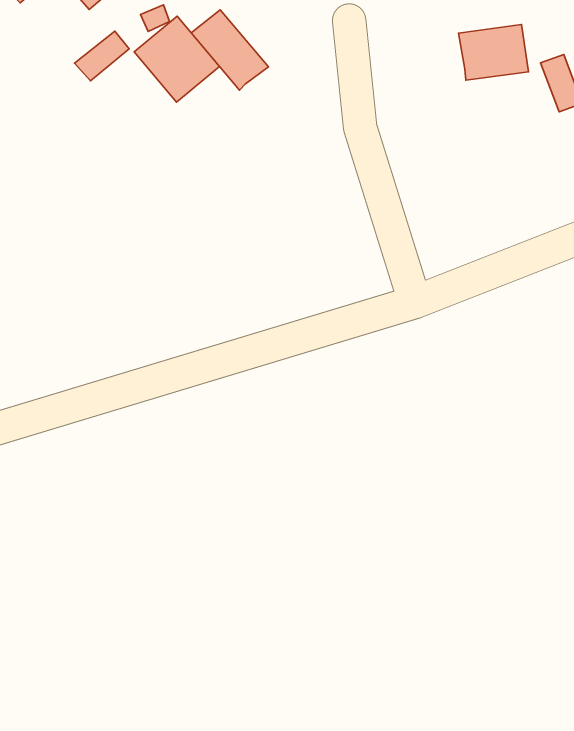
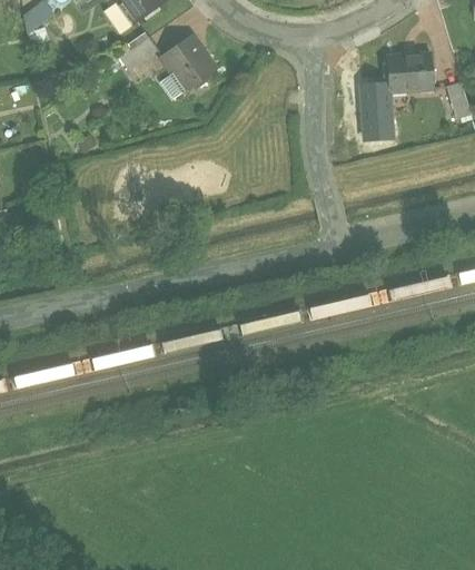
building: [191,10,268,90] -> none
building: none -> [362,85,393,141]

